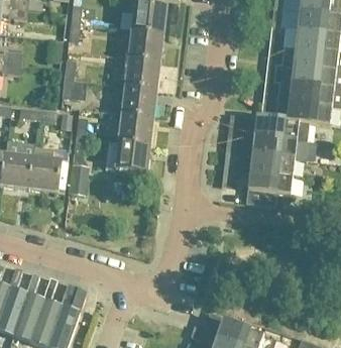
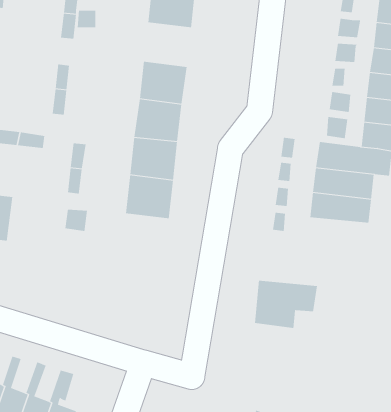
building: [127,29,162,62] -> none
building: [28,156,61,192] -> none
building: [245,171,292,207] -> [254,280,318,329]

